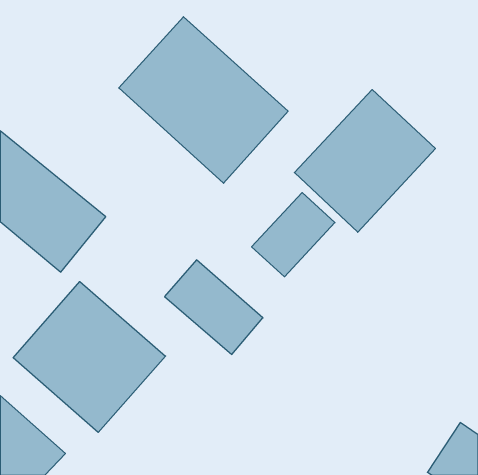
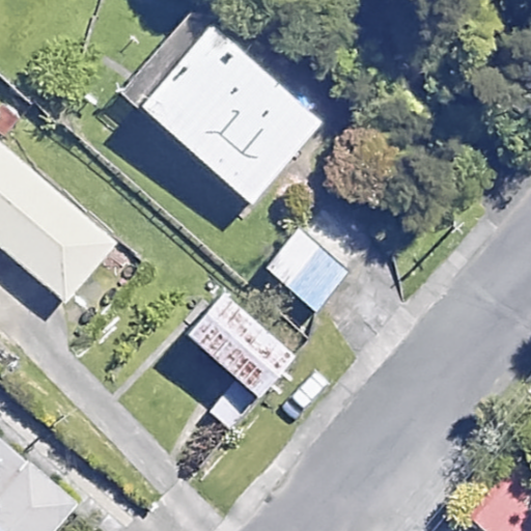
building: [294,90,435,232] -> none
building: [13,282,166,432] -> none

